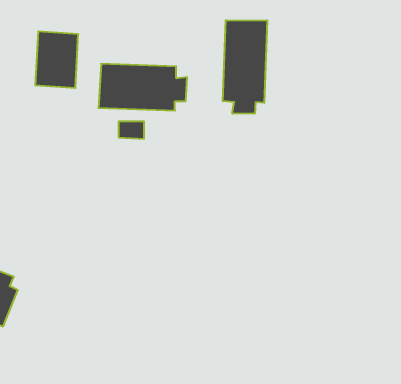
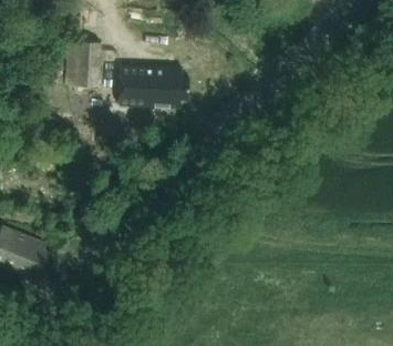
building: [223,20,267,114] -> none

